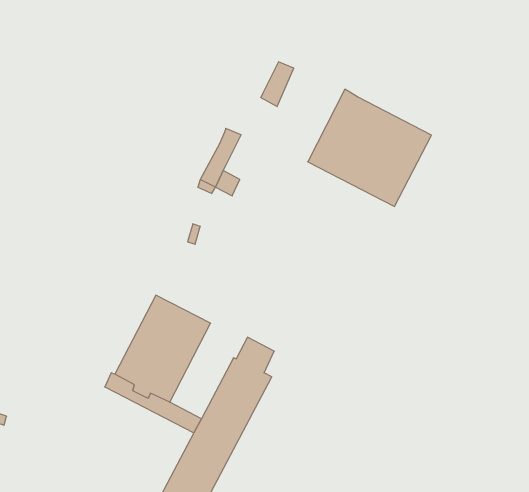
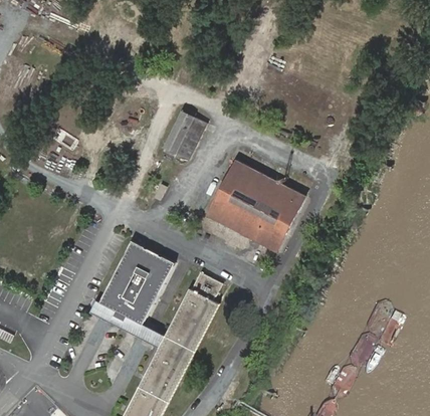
building: [261,62,294,106] -> [182,113,208,148]
building: [308,89,431,206] -> [208,159,305,251]

